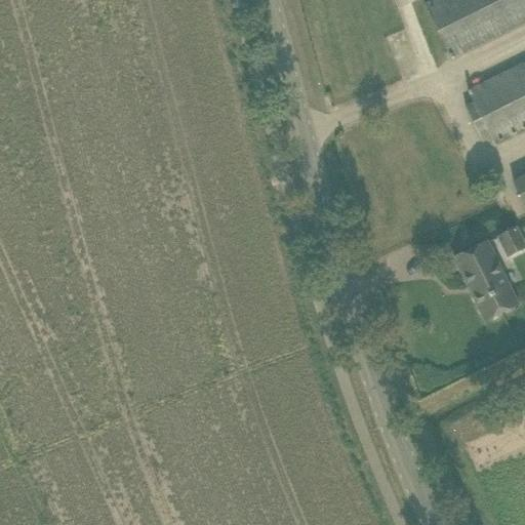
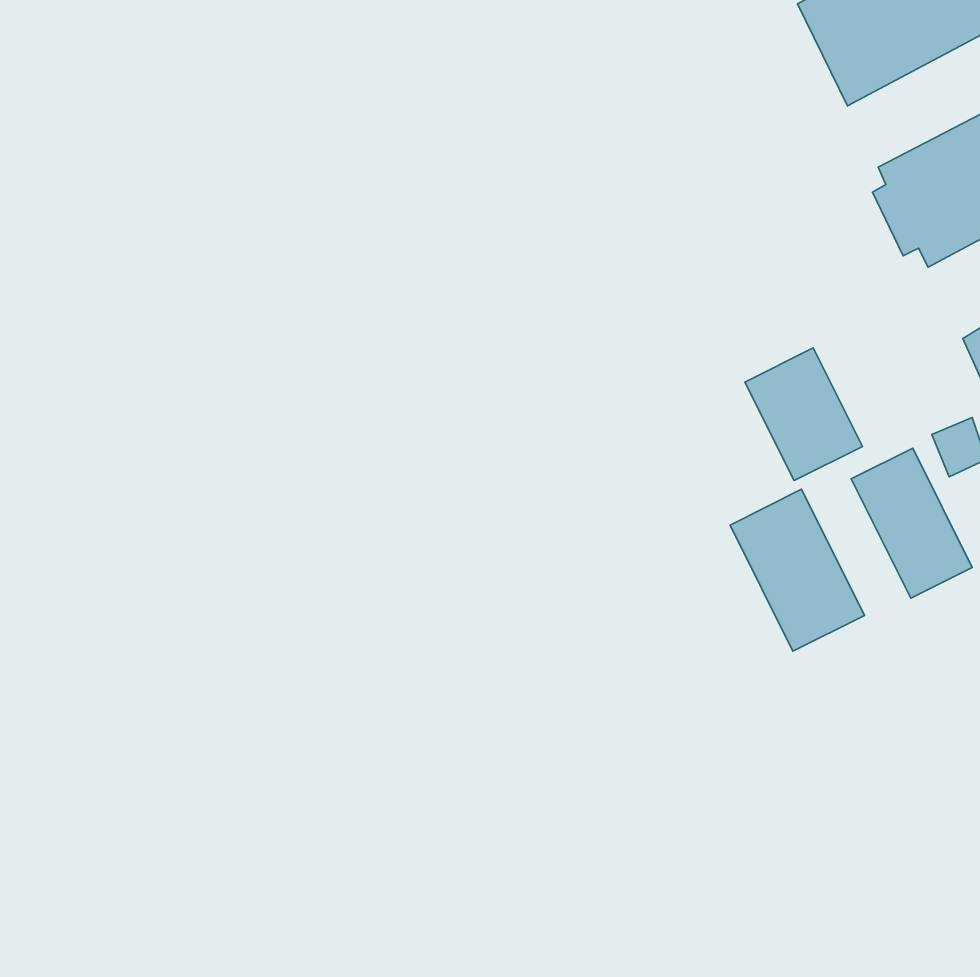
building: none -> [745,348,862,481]
building: none -> [730,489,864,651]

